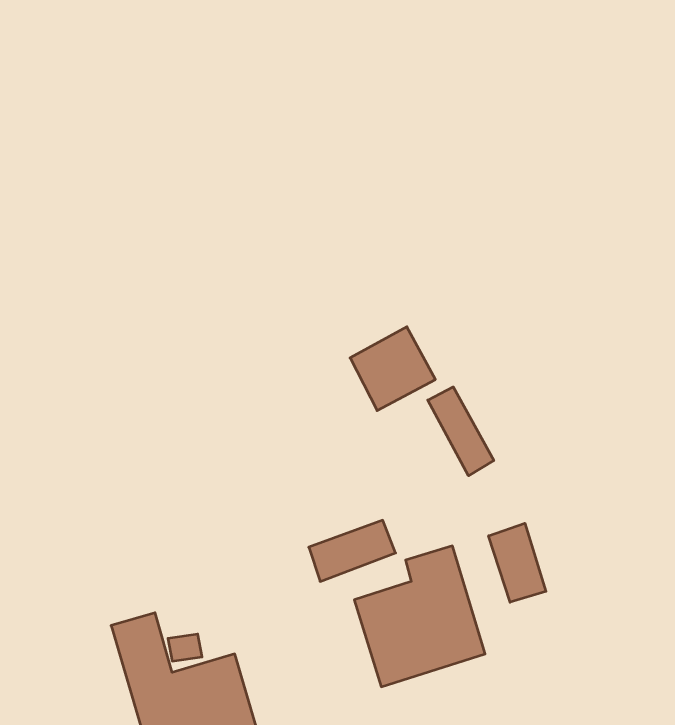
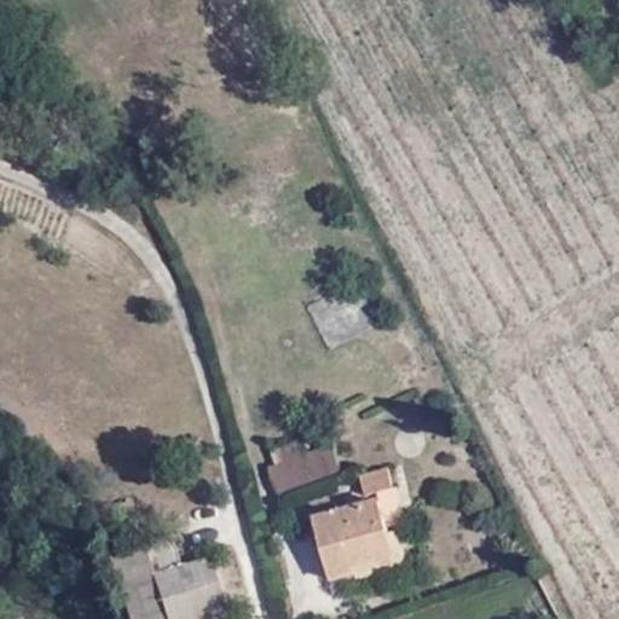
building: [428,387,494,476] -> none
building: [489,523,546,602] -> none

